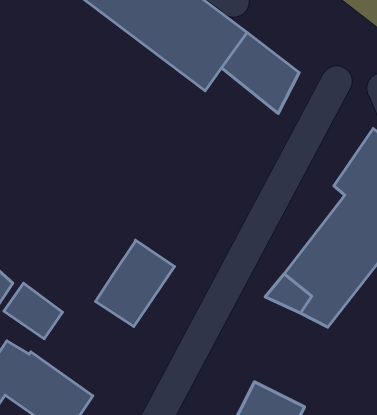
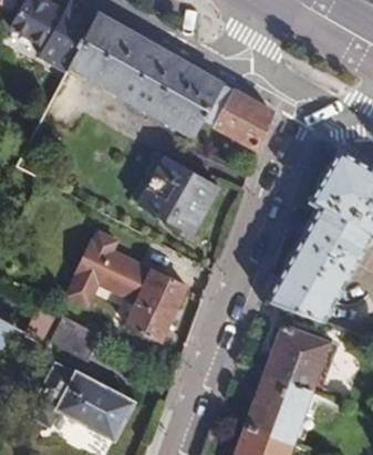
building: none -> [137,156,217,235]
building: none -> [68,231,152,304]
building: none -> [266,328,328,390]

